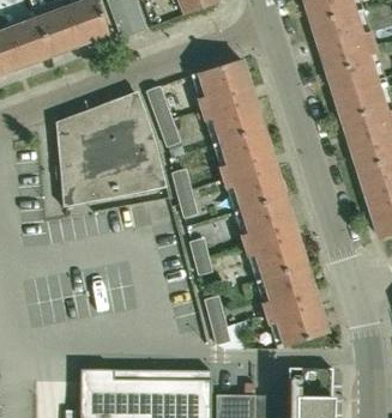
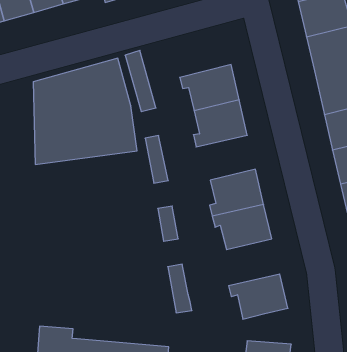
building: [197,59,252,109] -> none
building: [223,162,284,210] -> none
building: [261,263,316,314] -> none

